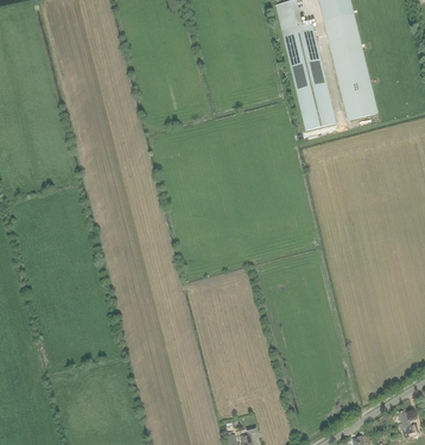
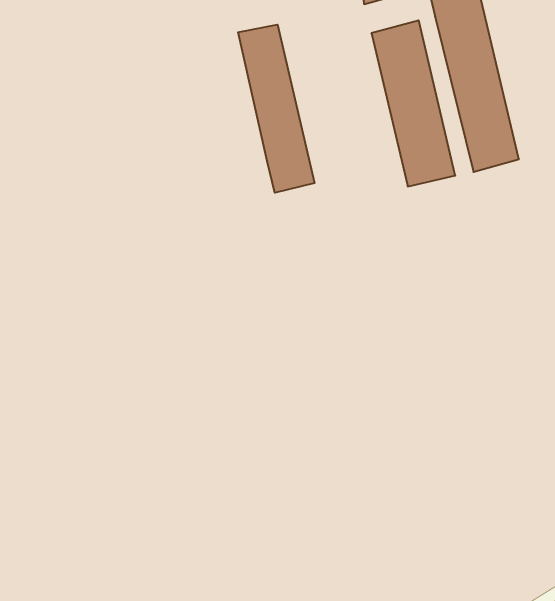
building: none -> [238,25,315,193]

